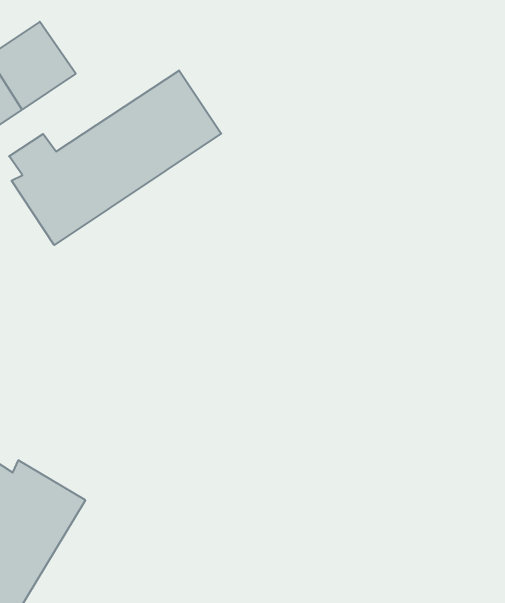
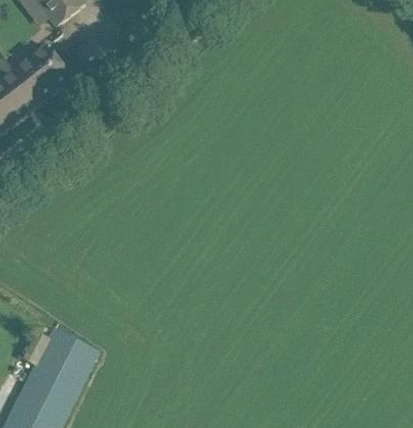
building: [9,70,221,245] -> none

